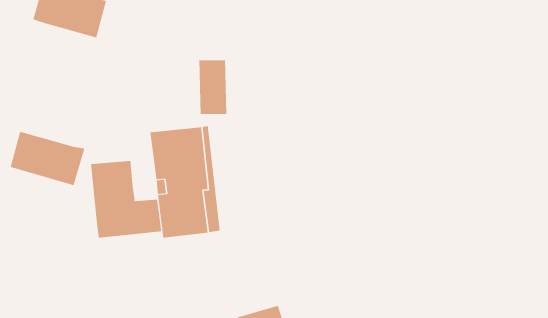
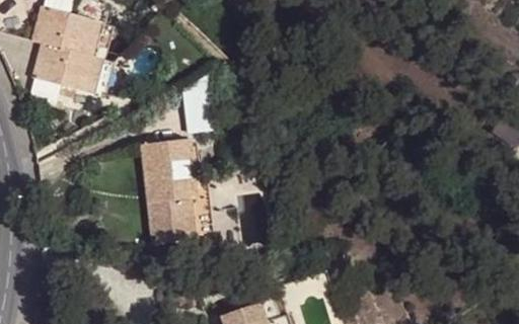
building: [10,131,85,186] -> [31,44,101,94]
building: [91,160,162,238] -> none

